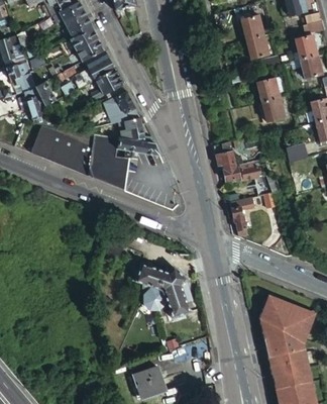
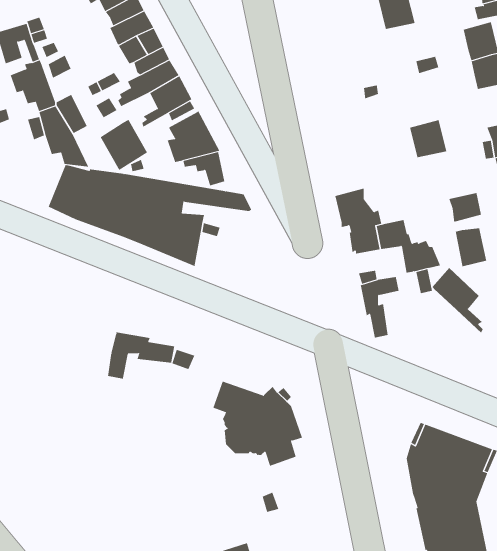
building: [246,35,269,59] -> none
building: [256,78,289,102] -> none
building: none -> [100,119,148,171]
building: none -> [455,228,487,267]
building: none -> [432,267,484,334]
building: none -> [108,332,175,380]

